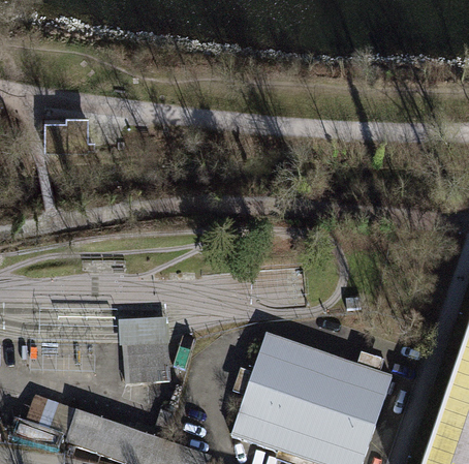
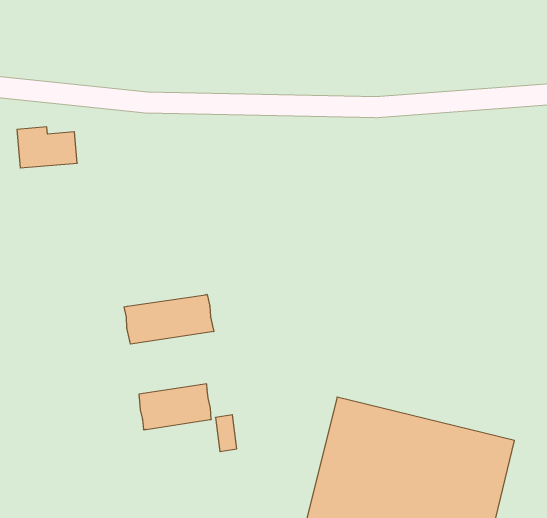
building: none -> [124,294,214,344]
building: [124,341,173,382] -> none

